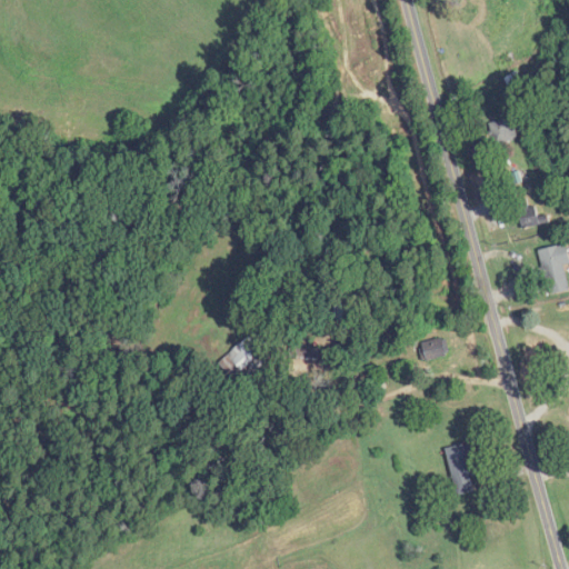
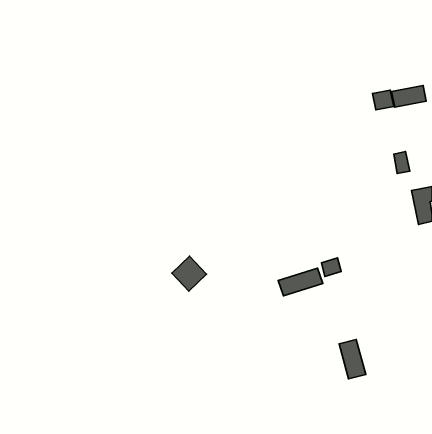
building: none -> [391,86,426,107]
building: none -> [278,268,323,296]

